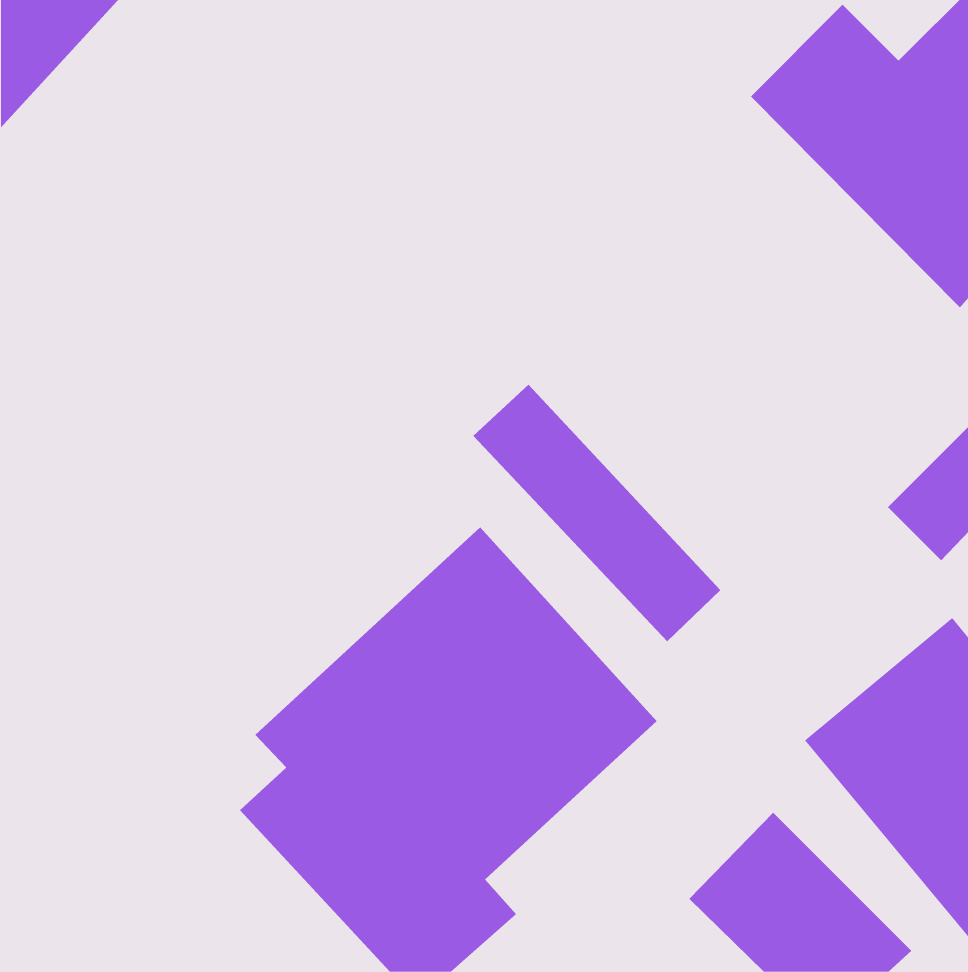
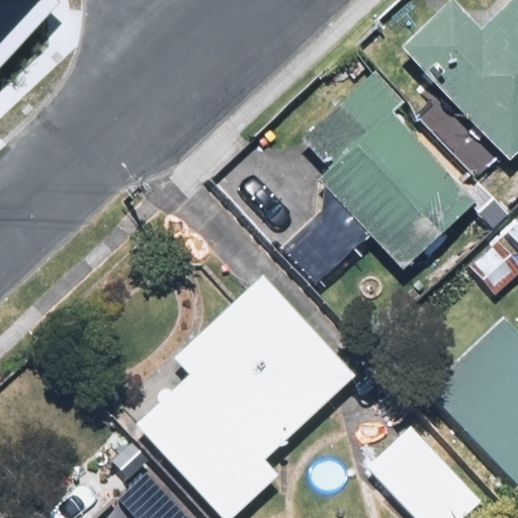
building: none -> [297,69,474,263]

